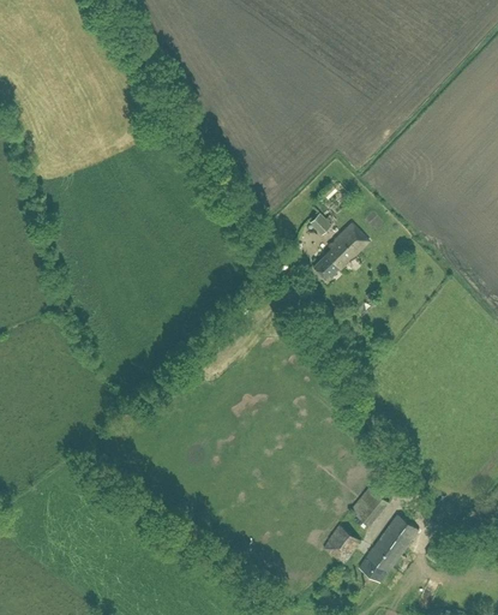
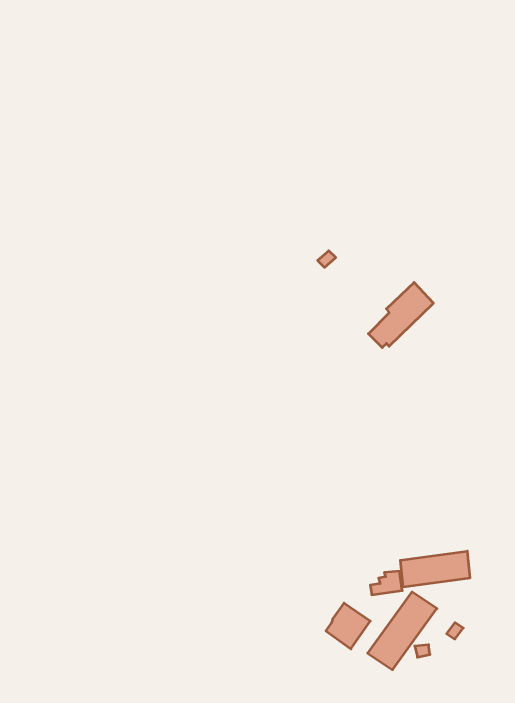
building: [311,223,367,280] -> [368,282,433,348]
building: none -> [400,551,470,587]

